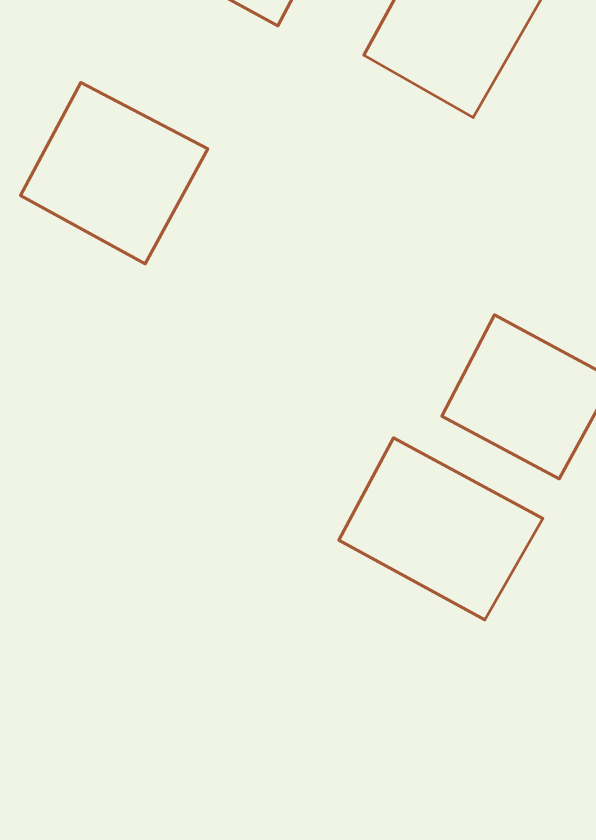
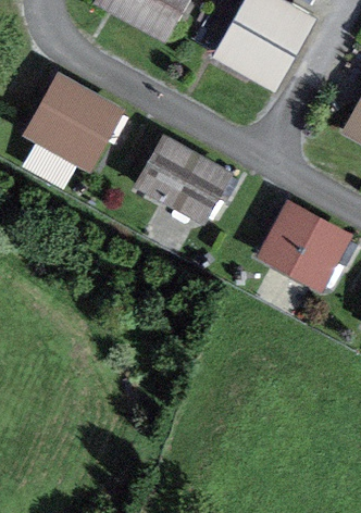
building: none -> [135,137,234,226]
building: [339,438,543,620] -> none

